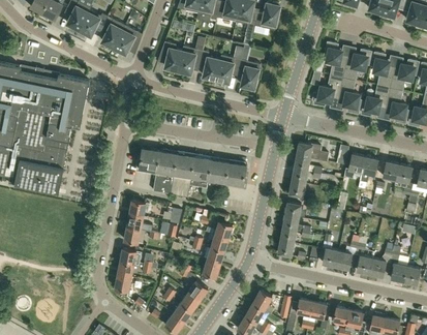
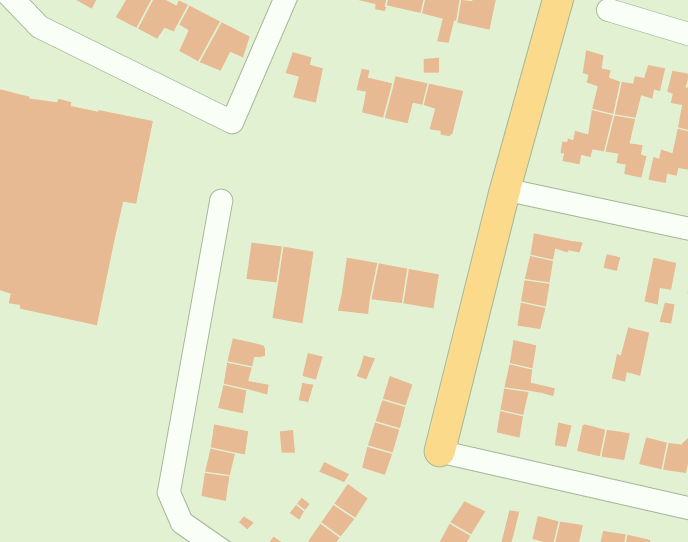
building: [178,47,203,74] -> none
building: [171,153,194,196] -> none
building: [342,153,364,184] -> [611,326,650,383]

